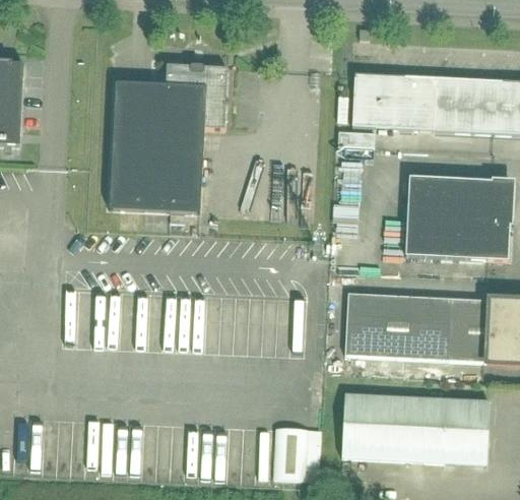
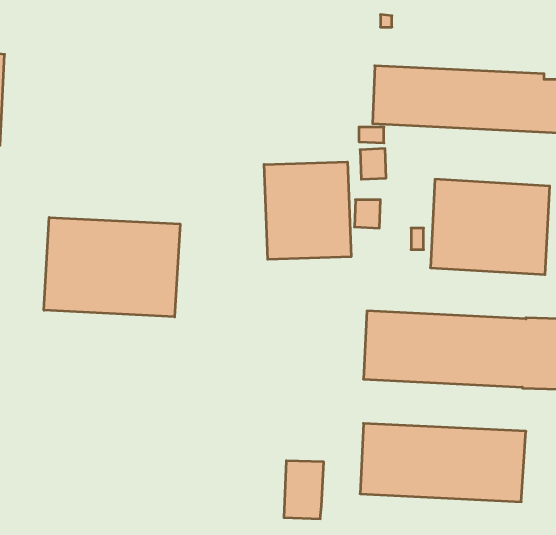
building: [112,64,230,213] -> none
building: none -> [264,162,351,259]
building: none -> [44,217,180,317]

